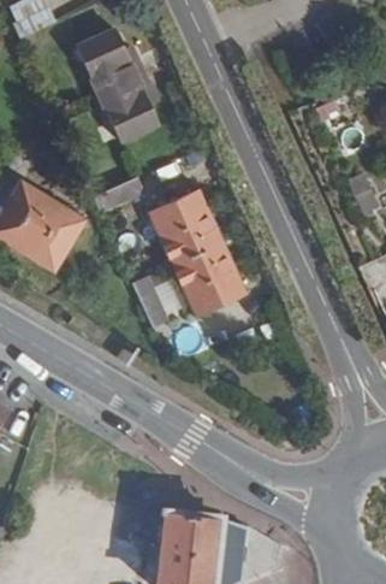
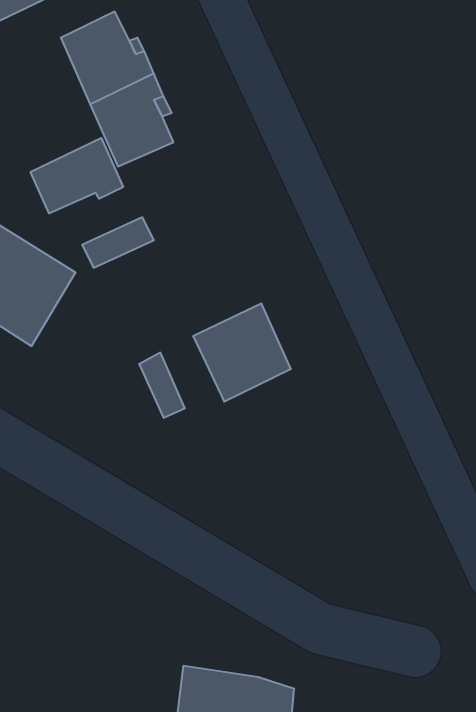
building: none -> [31,138,123,213]
building: [148,189,224,266] -> none

